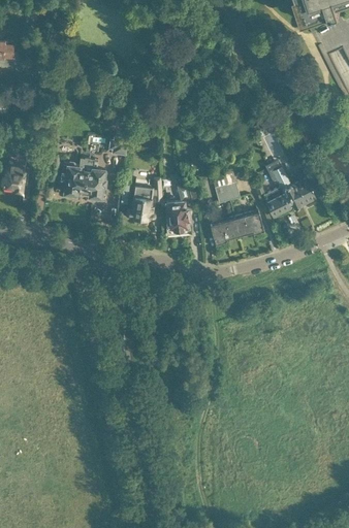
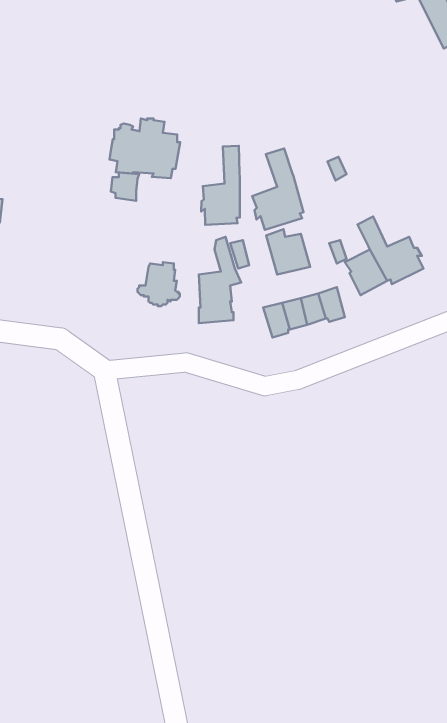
building: none -> [201,146,240,225]
building: none -> [252,148,303,230]
building: [60,158,106,197] -> [110,119,180,178]

